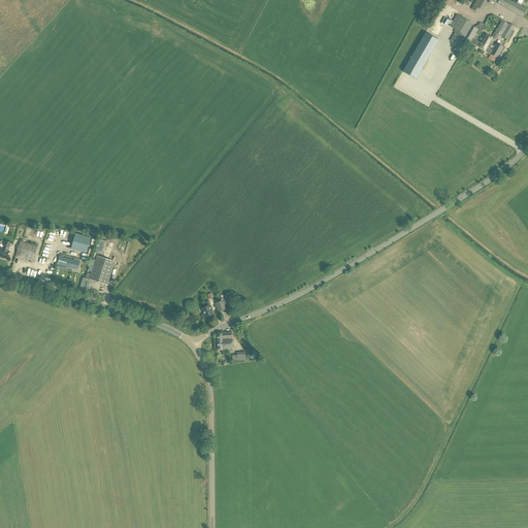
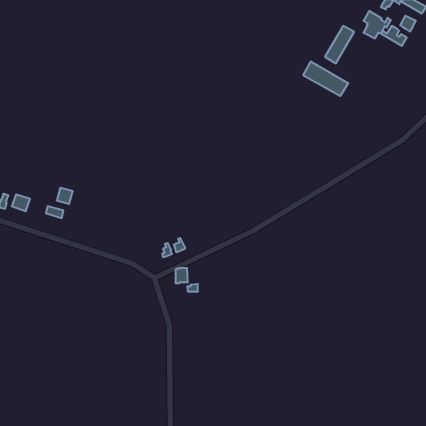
building: none -> [303,61,348,96]
building: [89,255,113,284] -> none

